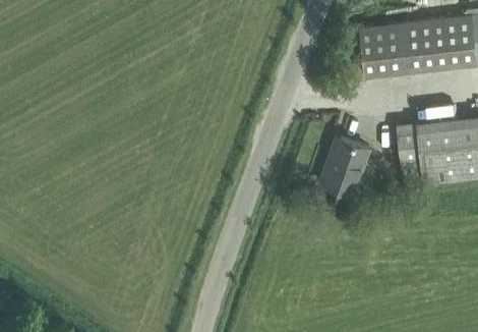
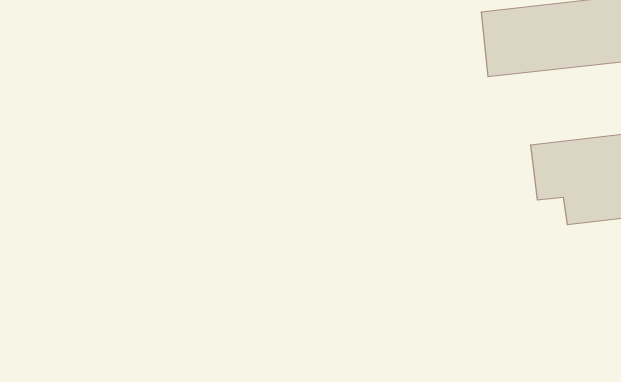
building: [321,140,369,196] -> none

